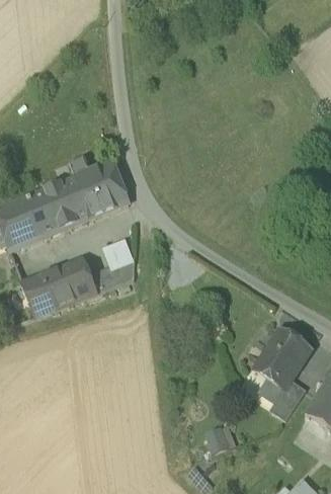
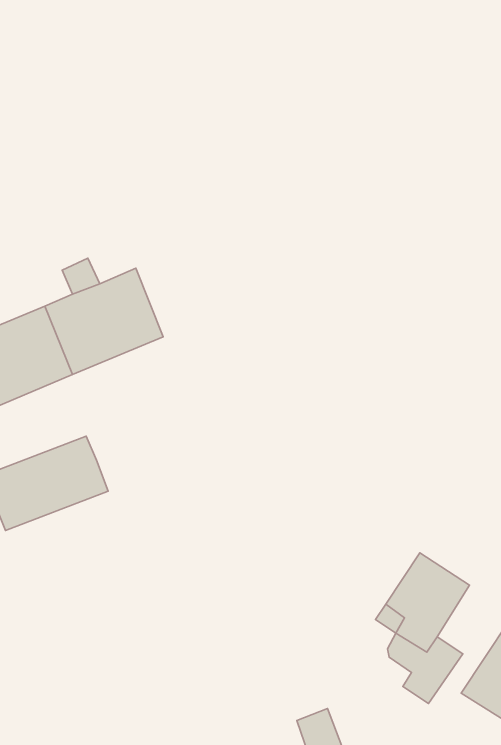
building: [89,241,135,293] -> none

